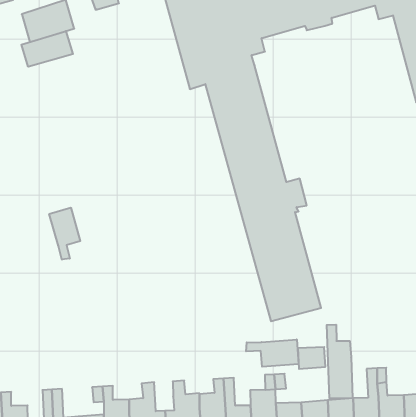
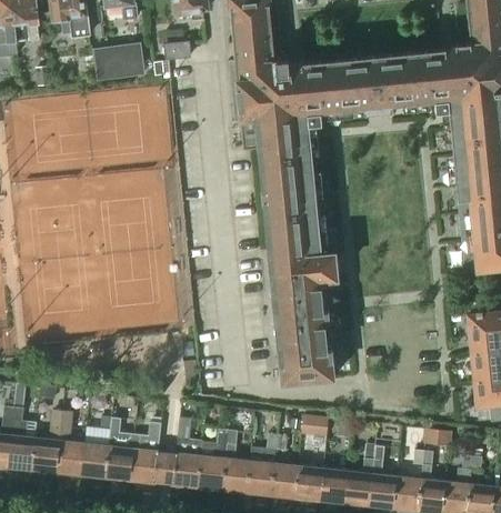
building: [21,31,73,67] -> none
building: [49,208,80,260] -> none
building: [327,325,352,398] -> none
building: [246,339,299,367] -> none

